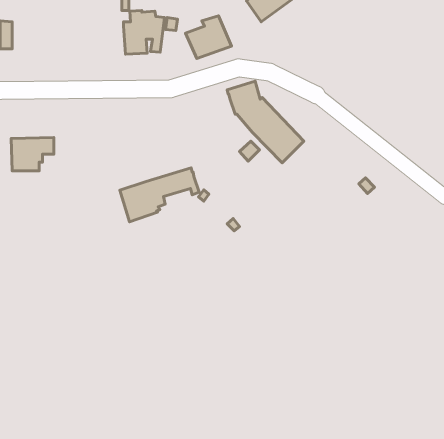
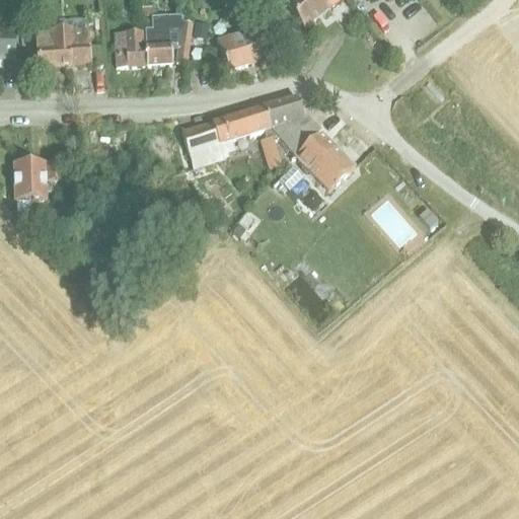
building: none -> [38,26,104,66]
building: none -> [115,28,147,65]
building: [120,168,199,222] -> [182,104,275,167]

